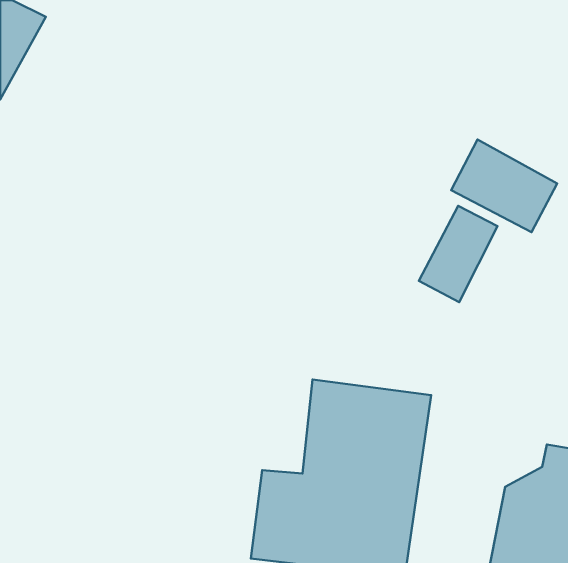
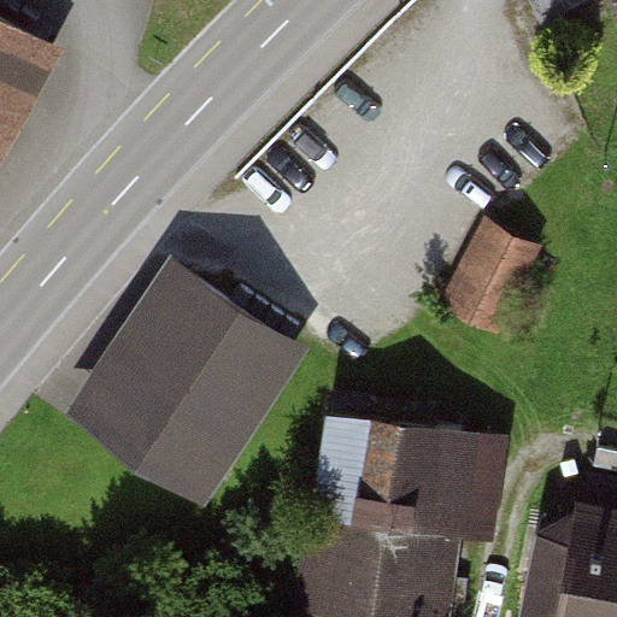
building: [451,139,557,232] -> none
building: none -> [90,274,298,490]

